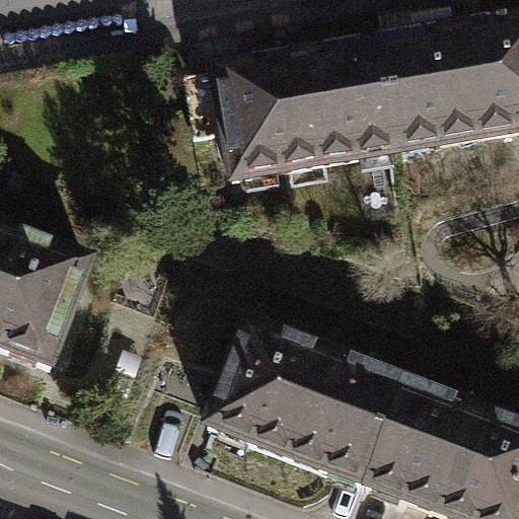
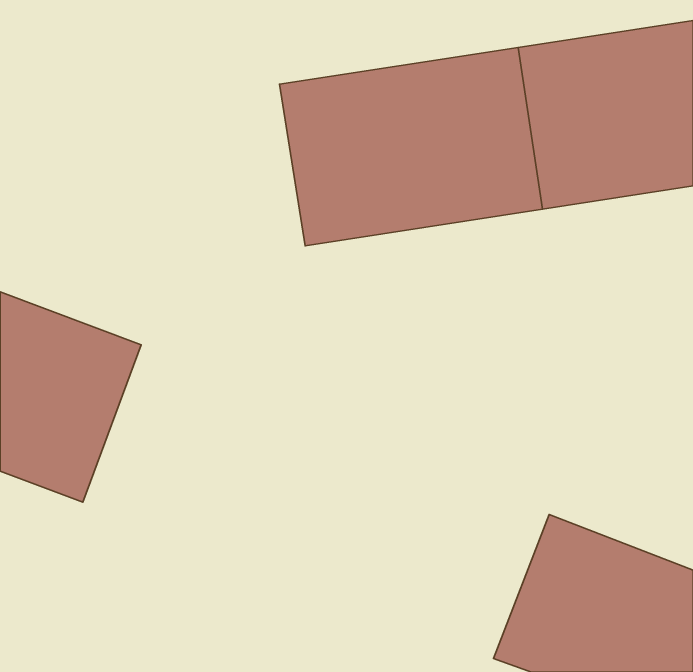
building: [210,323,411,492] -> none

